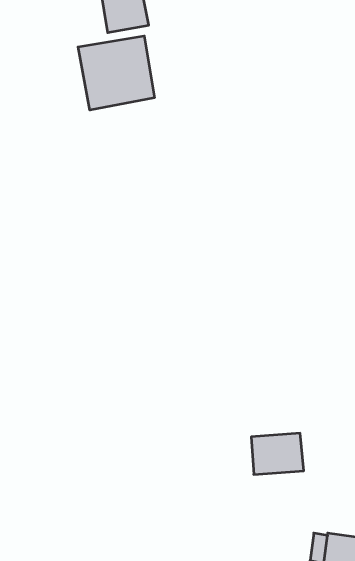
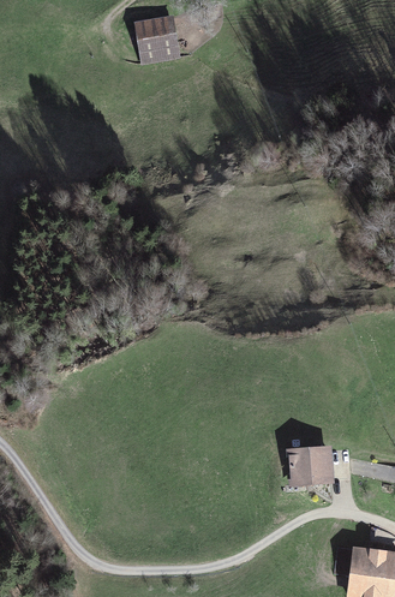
building: [78,36,154,110] -> none

